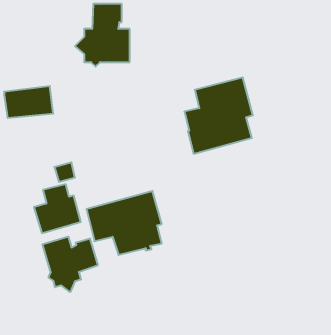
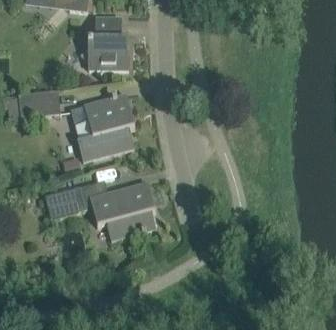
building: [184,77,253,154] -> [74,94,134,161]
building: [43,237,98,292] -> none

